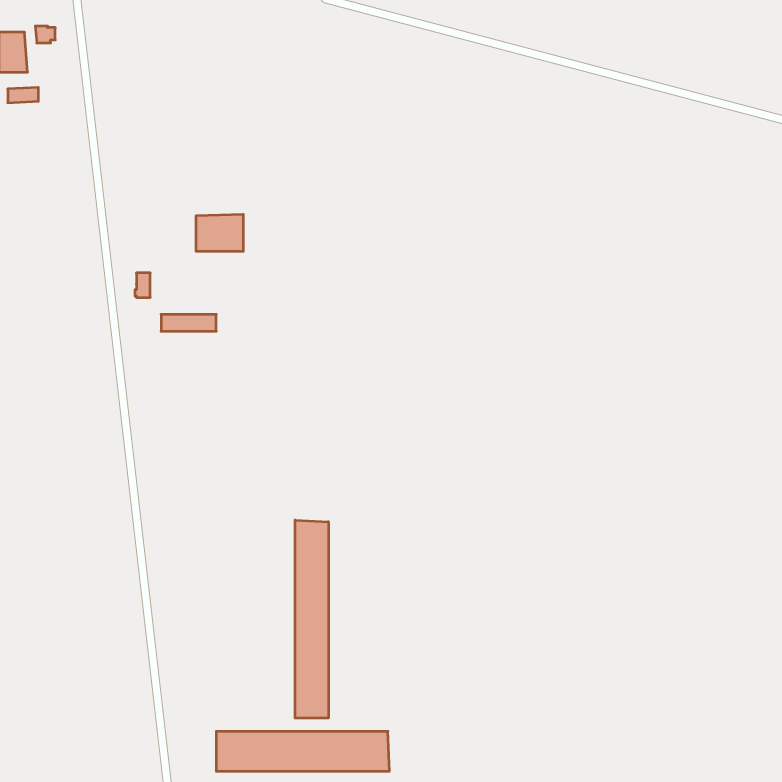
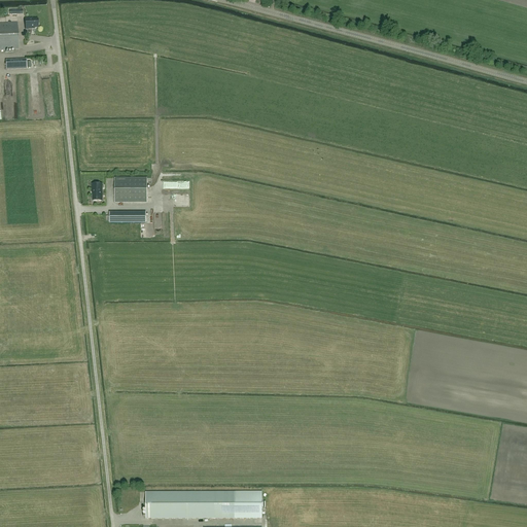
building: [196,214,243,251] -> [114,177,146,202]
building: [295,520,328,718] -> none

